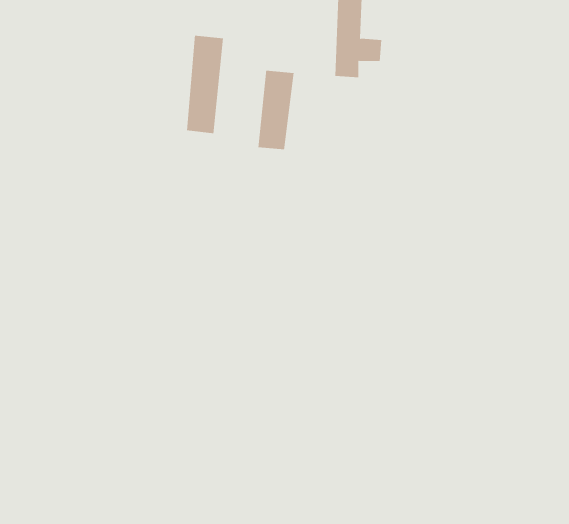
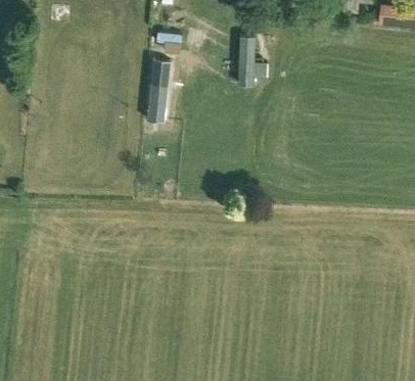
building: [258,70,294,150] -> none

